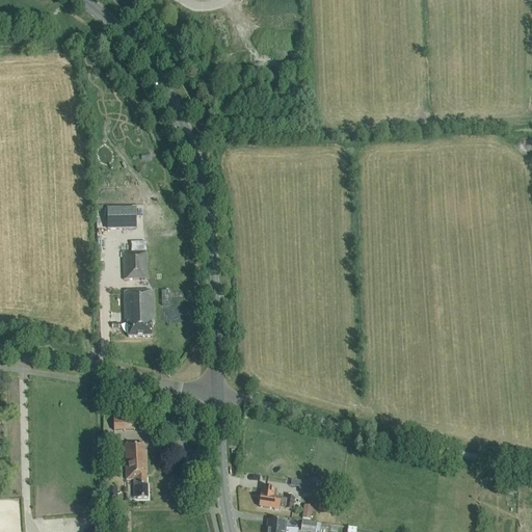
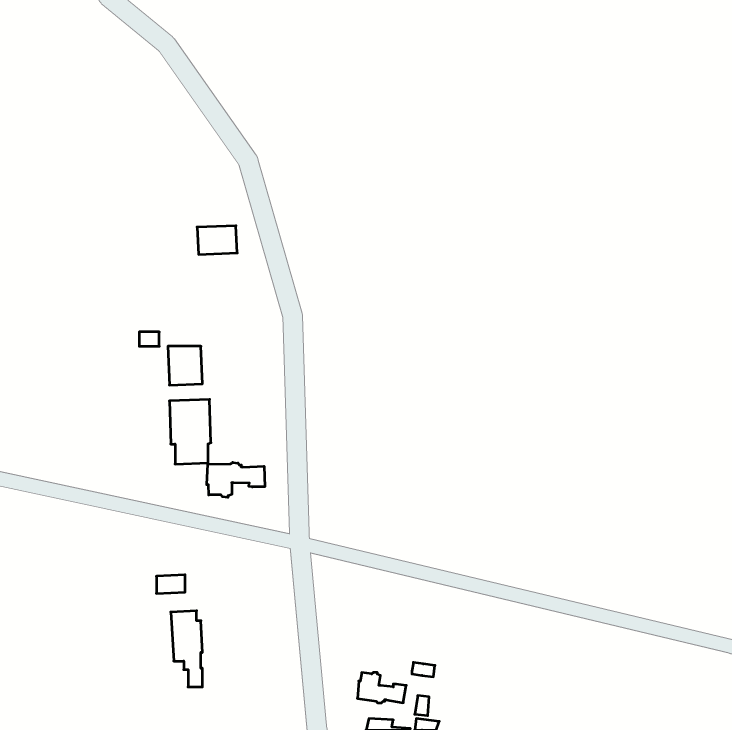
building: [106,207,135,228] -> [197,226,237,254]
building: none -> [207,462,265,497]

